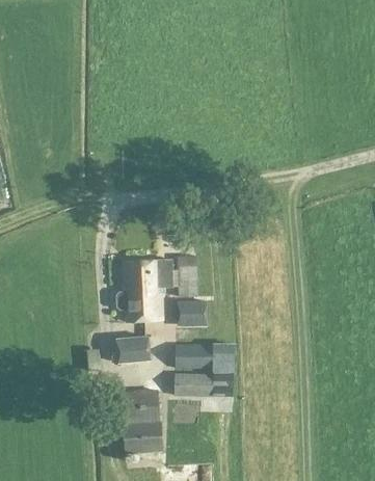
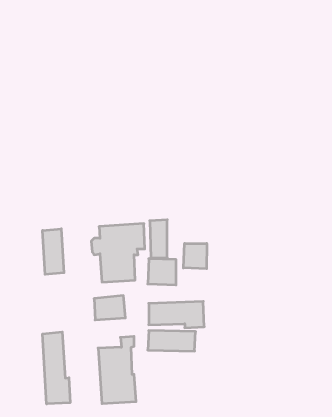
building: none -> [43,229,64,274]
building: none -> [183,243,207,269]
building: none -> [43,332,70,404]

